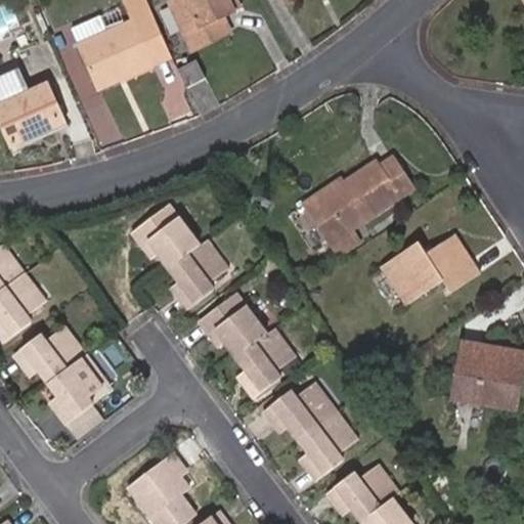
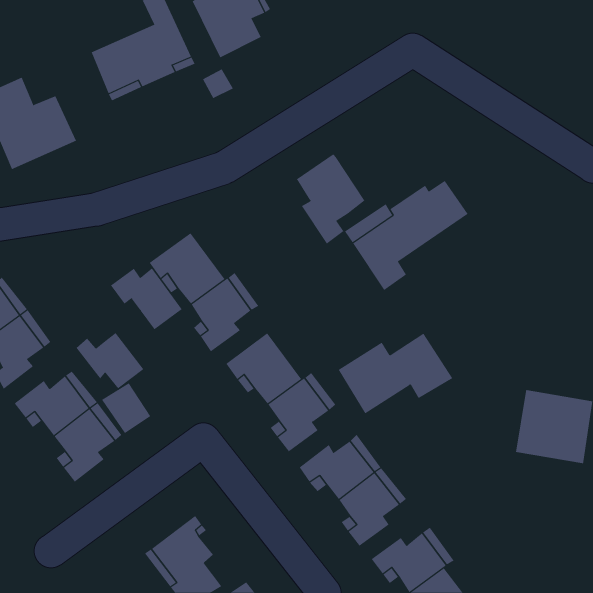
building: none -> [296,154,365,245]
building: [380,234,481,306] -> [338,333,453,414]
building: none -> [110,267,183,330]
building: none -> [76,332,144,389]

